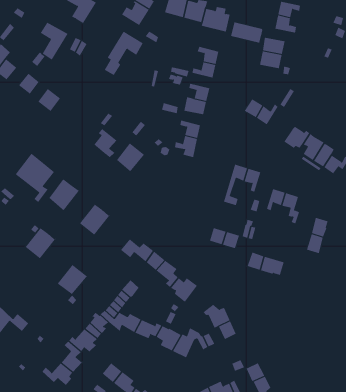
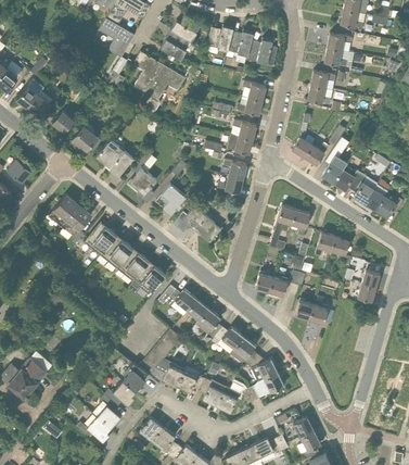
building: [230,22,265,43] -> none
building: [40,22,68,61] -> [133,51,164,92]
building: none -> [97,143,135,177]
building: none -> [323,144,349,181]
building: none -> [174,204,222,242]
building: [25,227,57,259] -> [101,235,135,268]
building: [57,264,88,295] -> [133,261,167,293]
building: none -> [230,335,259,363]

